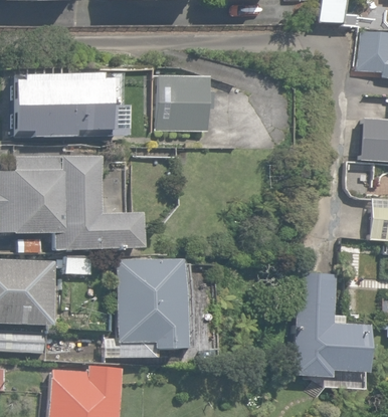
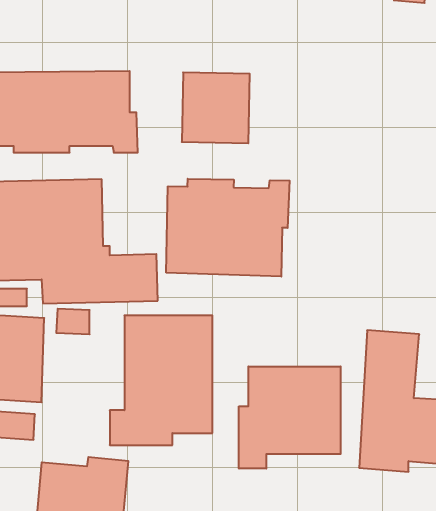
building: none -> [166,179,290,277]
building: none -> [239,366,341,469]

